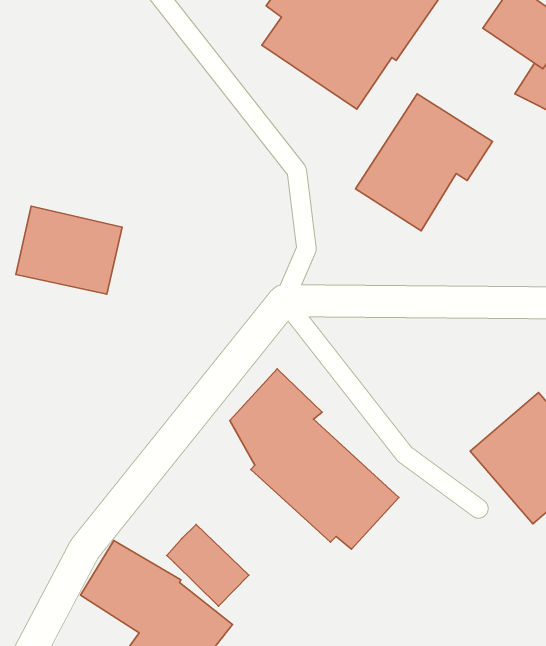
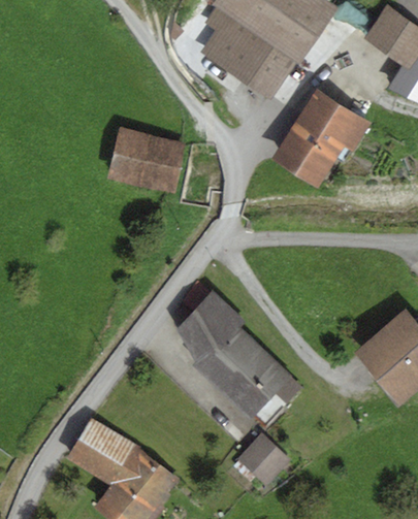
building: [16,206,122,294] -> [107,127,186,192]
building: [167,524,249,606] -> none
building: none -> [236,433,291,487]

